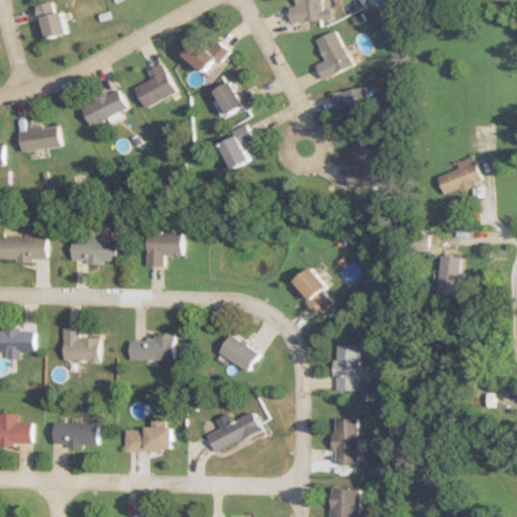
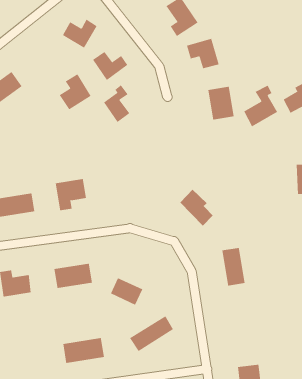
building: [134,65,174,107] -> [59,74,91,110]
building: none -> [243,85,278,127]
building: [218,334,258,372] -> [110,277,143,305]
building: [331,418,354,463] -> none
building: [53,423,96,446] -> none

